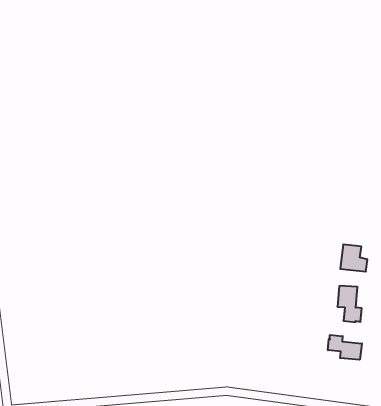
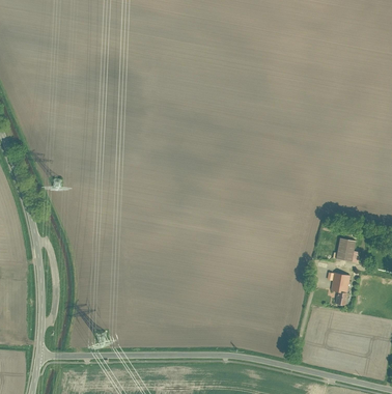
building: [328,335,362,360] -> none

